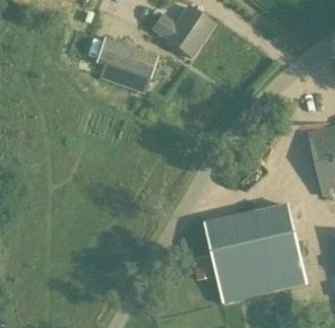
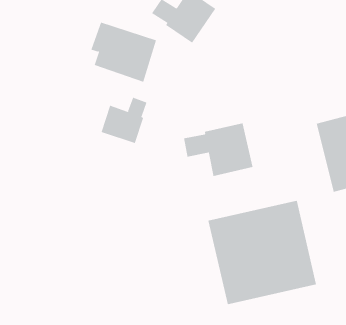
building: none -> [101,97,147,144]
building: none -> [184,122,253,177]

